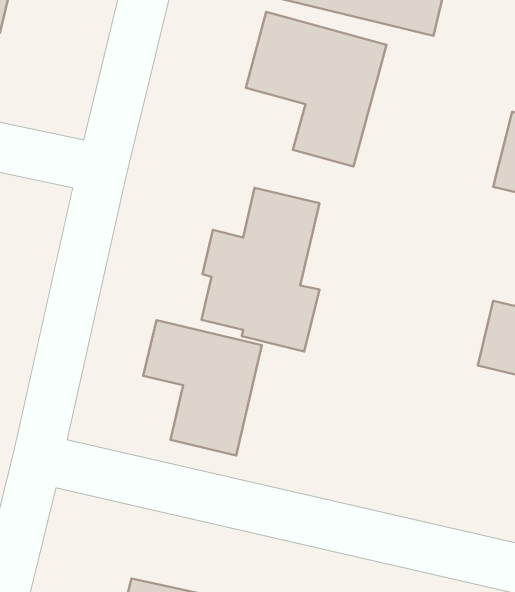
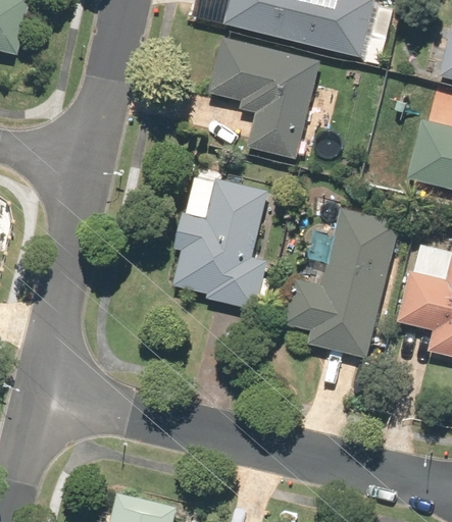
building: none -> [285,207,401,357]
building: [143,320,262,456] -> none

